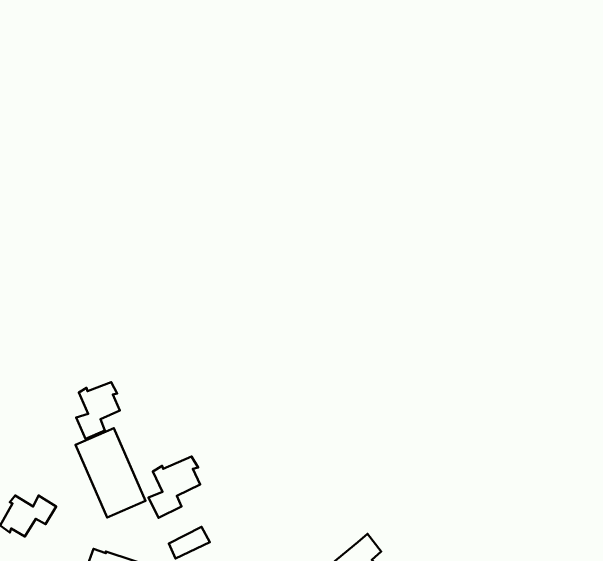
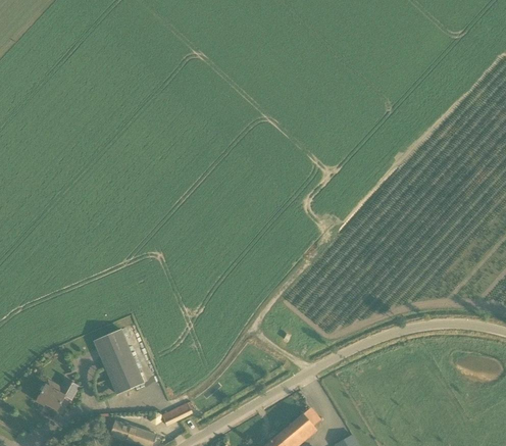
building: [76,382,120,439] -> none
building: [149,456,200,518] -> none

